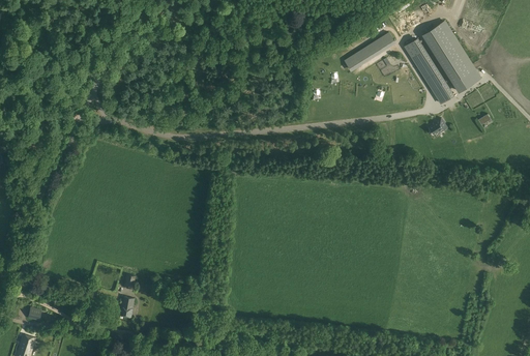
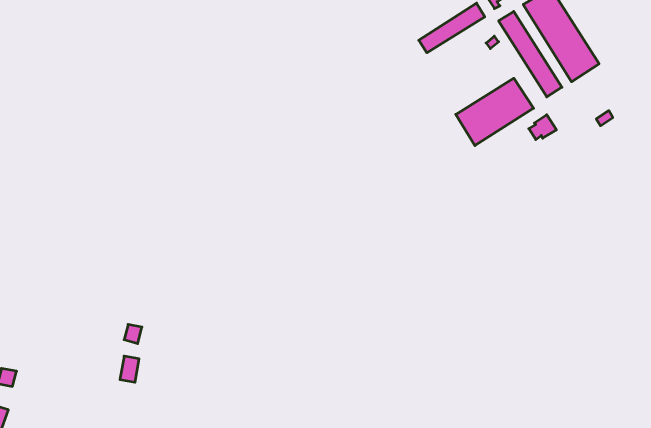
building: none -> [456,78,534,146]

